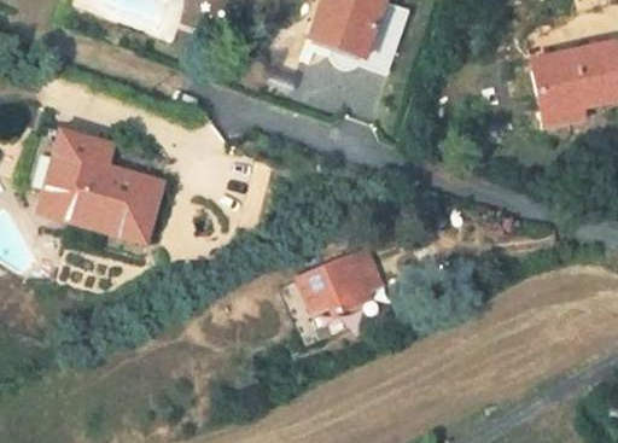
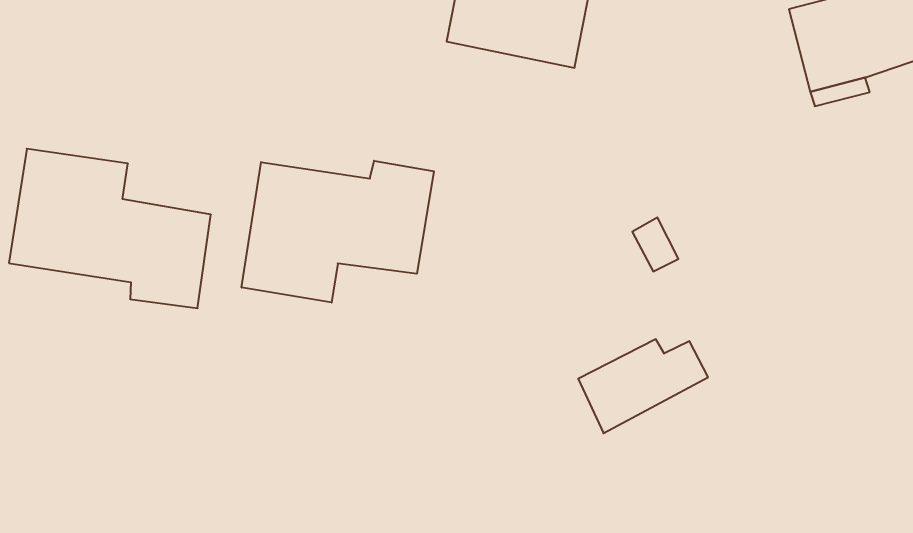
building: none -> [242,161,434,303]
building: [304,251,389,310] -> [578,339,708,433]

